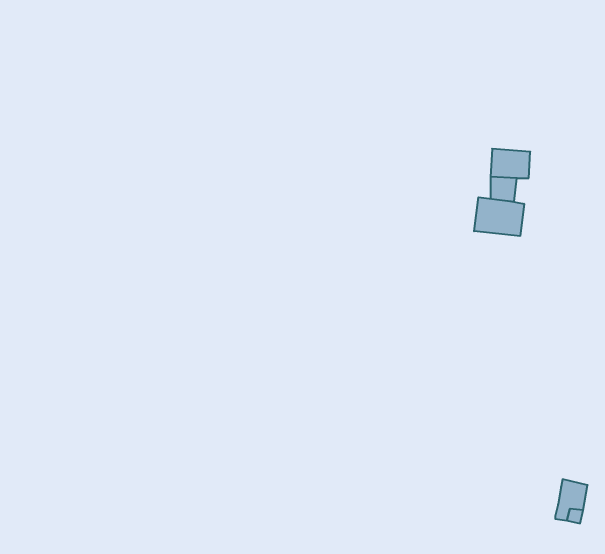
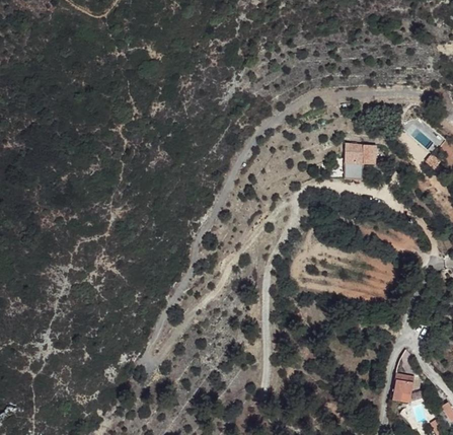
building: [474,197,524,236] -> none

